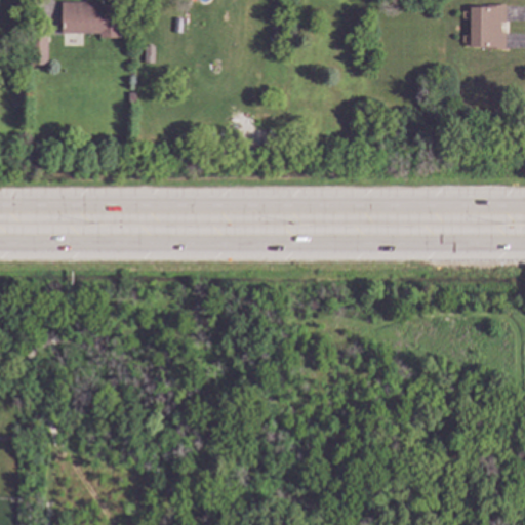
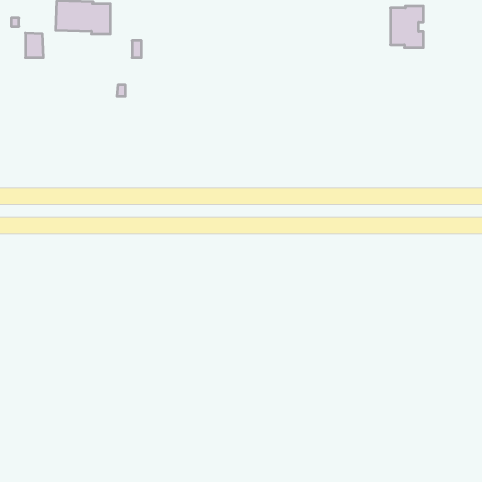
building: [470,4,506,49] -> [390,6,423,48]

